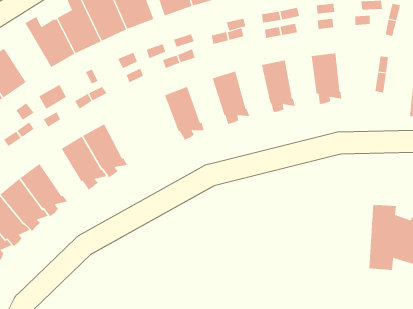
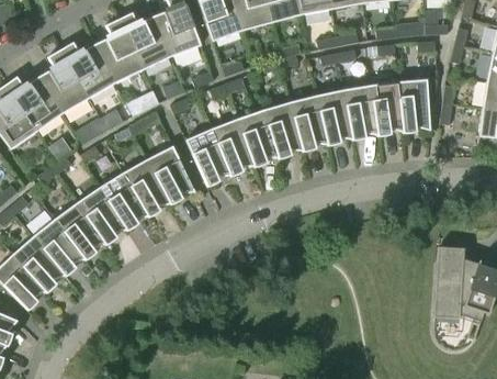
building: none -> [38,49,89,113]
building: none -> [398,79,430,134]
building: none -> [343,85,380,142]
building: none -> [290,94,329,153]
building: none -> [237,109,280,168]
building: none -> [185,127,233,187]
building: none -> [147,145,195,204]
building: none -> [77,186,128,245]

